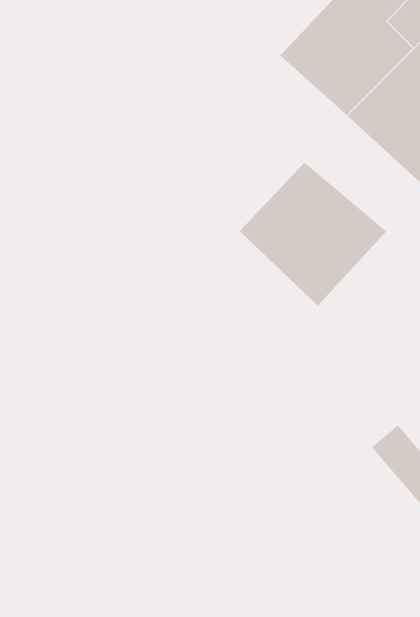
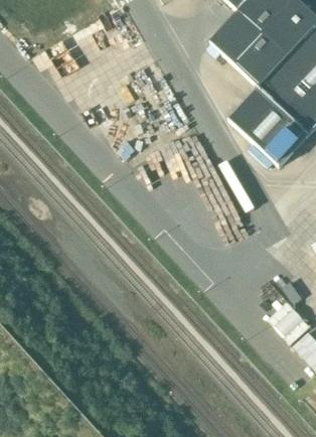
building: [239,162,387,306] -> none

